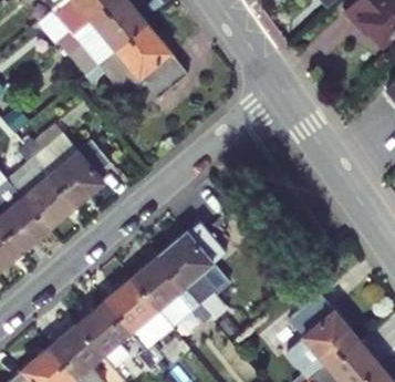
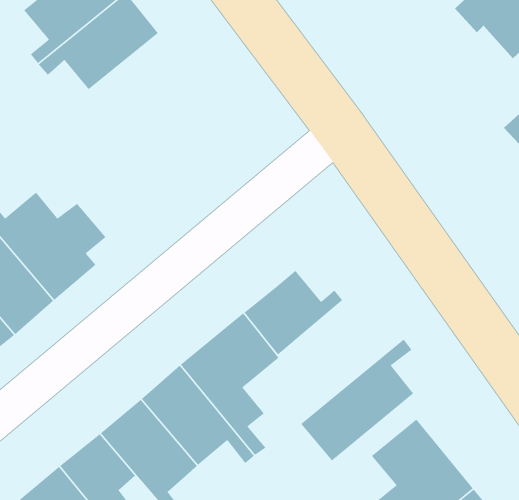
building: [86,27,188,102] -> none
building: none -> [244,270,343,355]
building: none -> [300,339,414,461]

